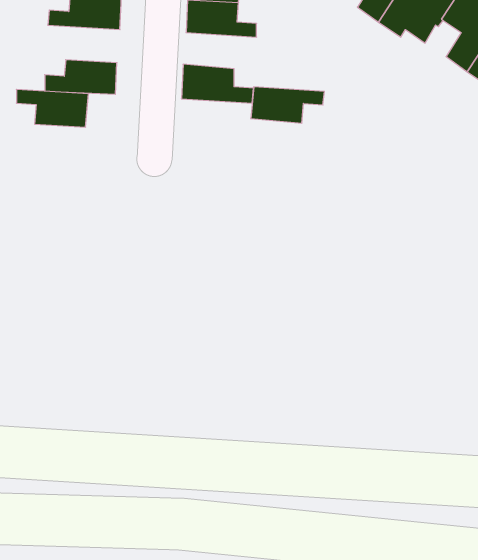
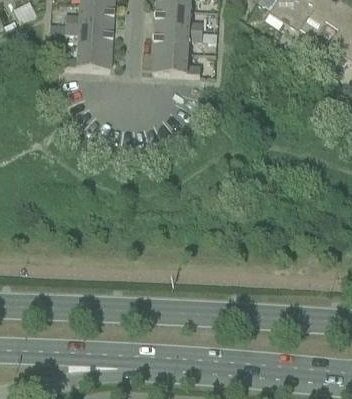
building: [251,87,324,123] -> [155,30,204,54]
building: [16,89,89,127] -> [65,25,113,50]

